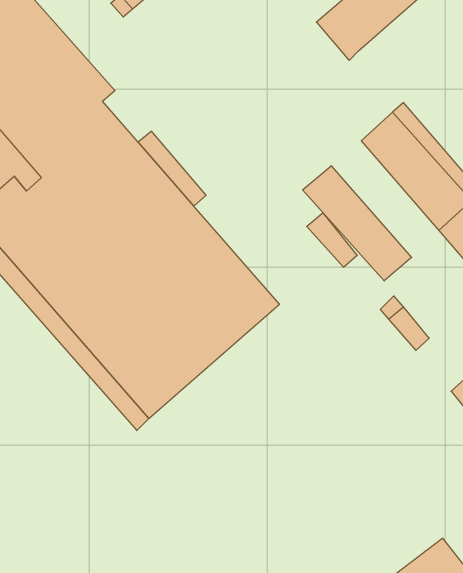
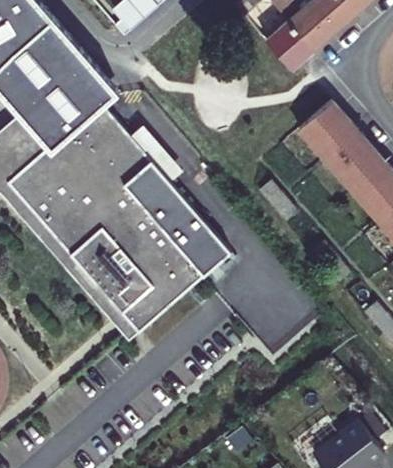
building: [303,166,412,281] -> none

